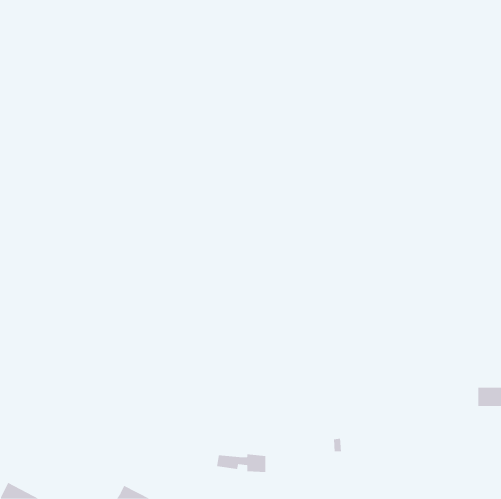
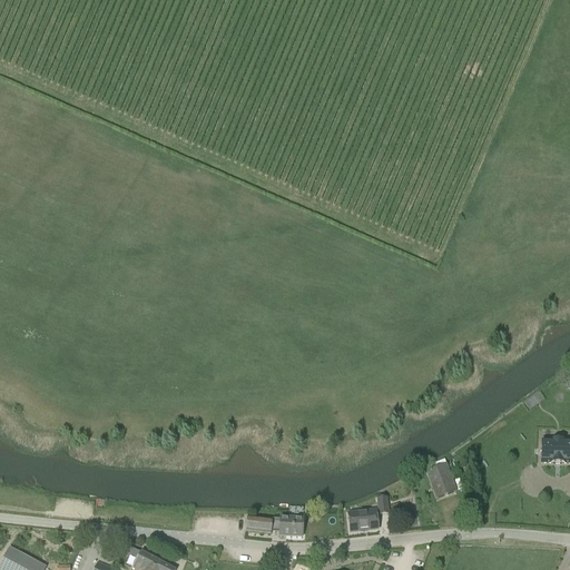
building: none -> [426,462,456,497]
building: none -> [348,509,379,530]

